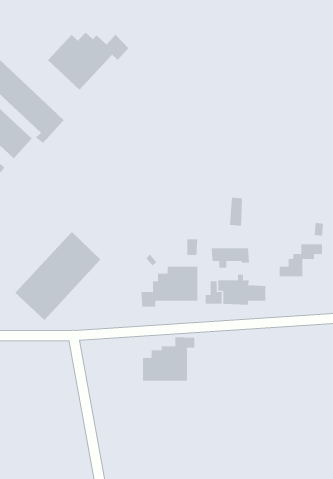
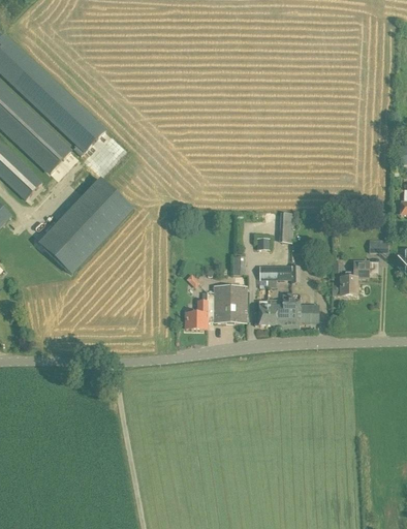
building: [47,32,129,90] -> none
building: [14,231,101,321] -> [39,179,131,274]
building: [142,336,195,381] -> none

